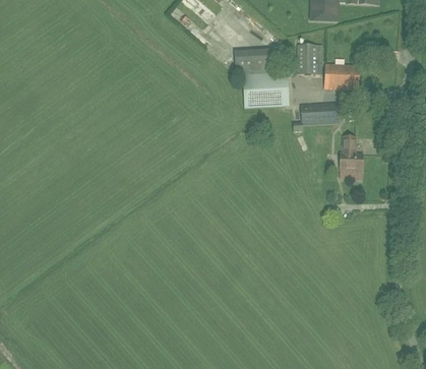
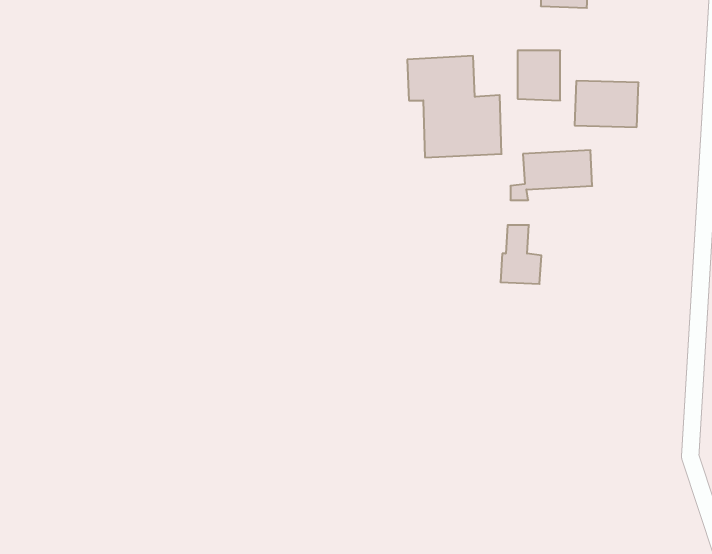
building: [340,136,363,170] -> [500,225,541,284]

